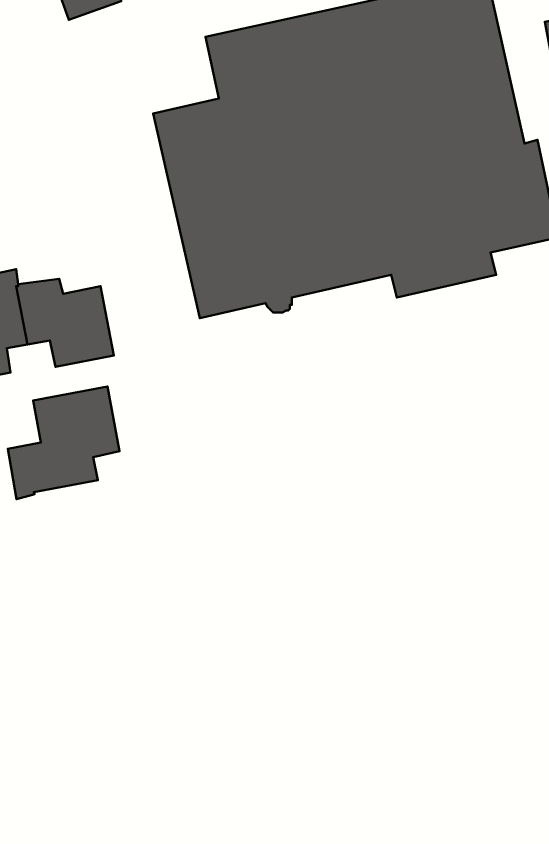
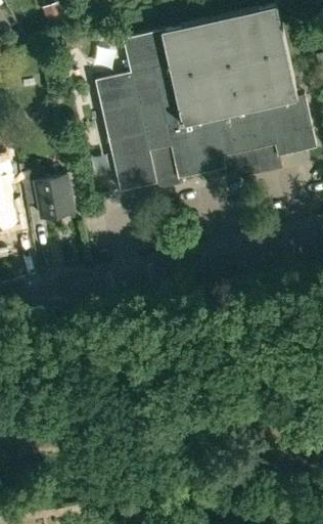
building: [8,387,120,499] -> none

